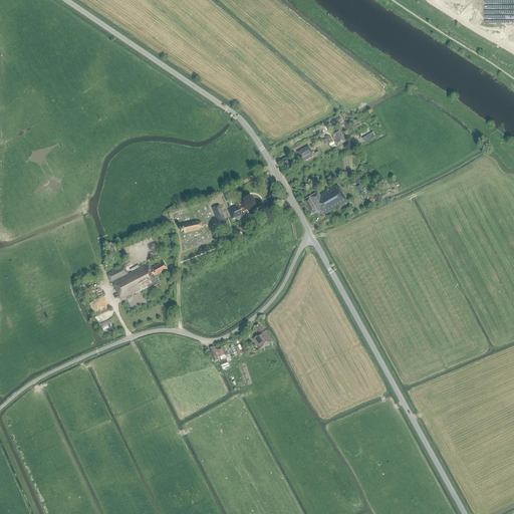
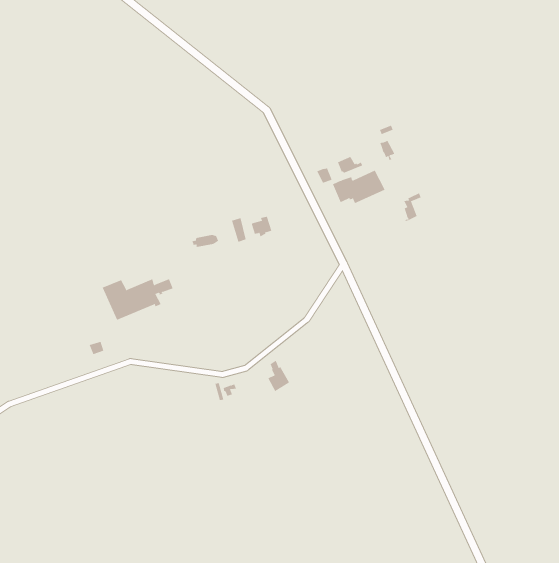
building: [302,185,347,215] -> [332,170,385,204]

